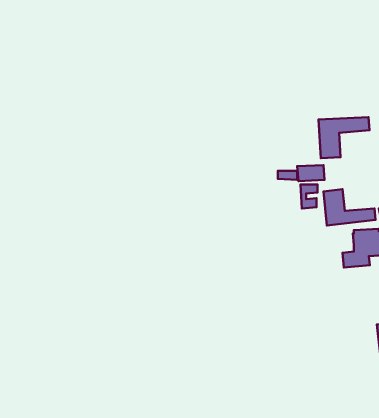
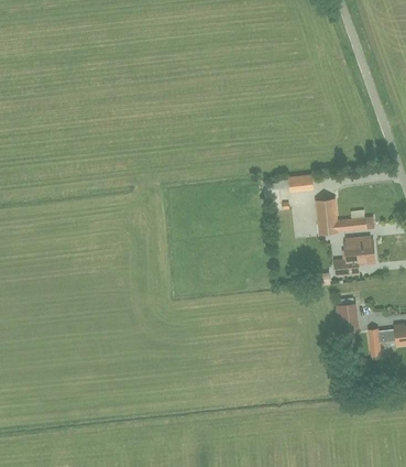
building: [318,117,369,158] -> none
building: none -> [336,302,358,333]

